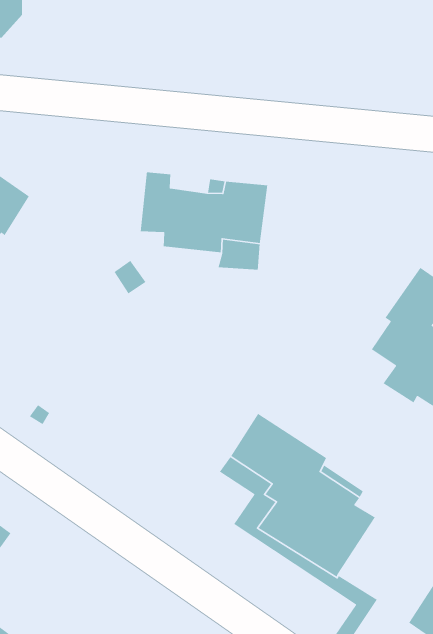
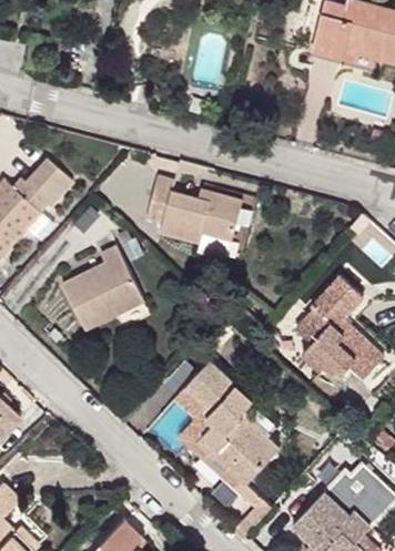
building: none -> [61,244,144,331]

